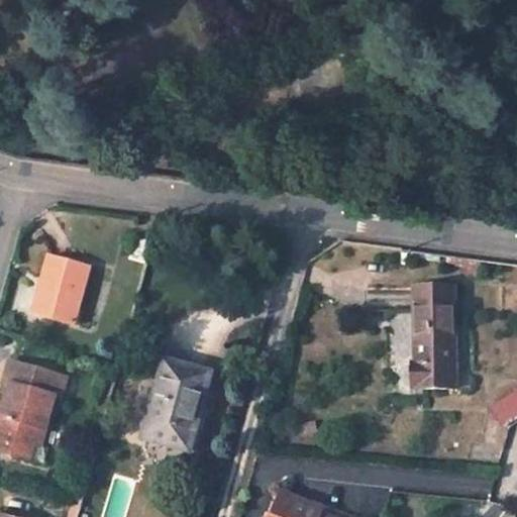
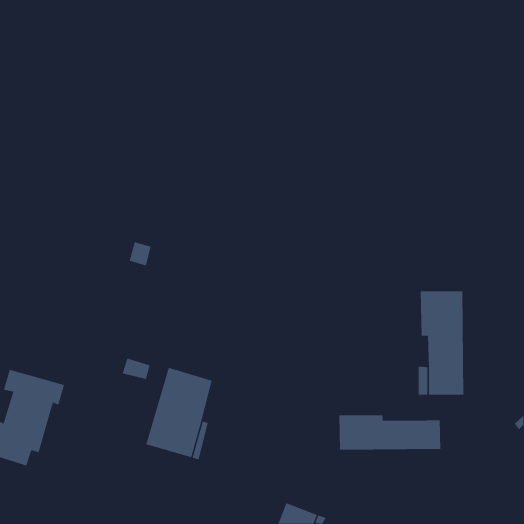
building: [31,254,88,322] -> none
building: none -> [339,415,441,450]

